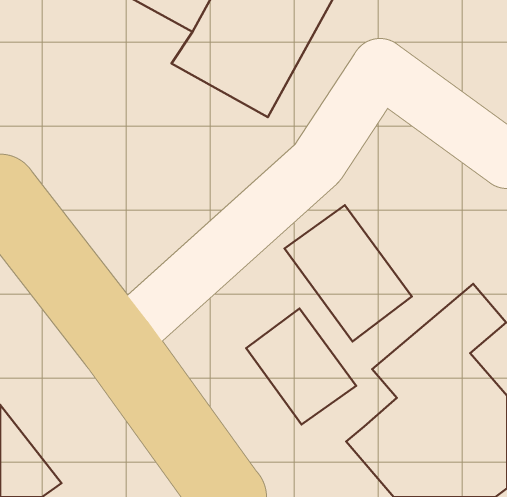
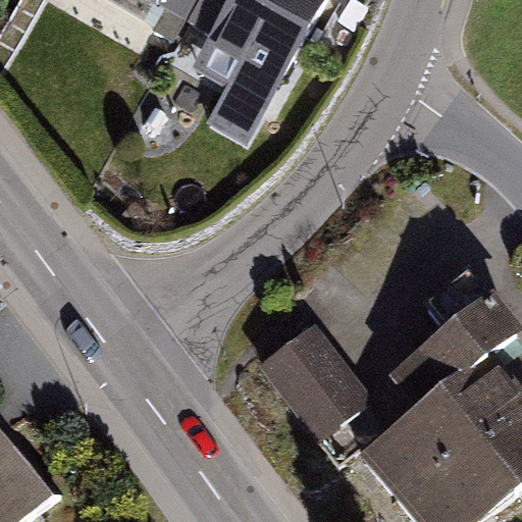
building: [285,205,412,341] -> none

